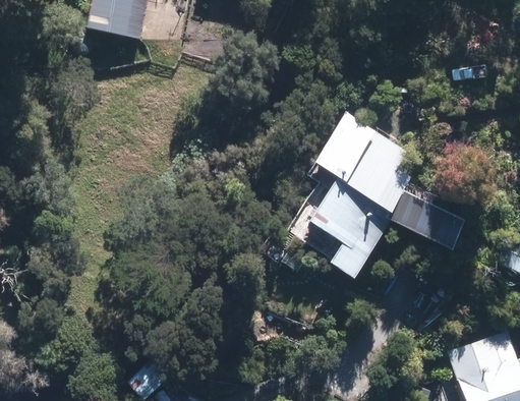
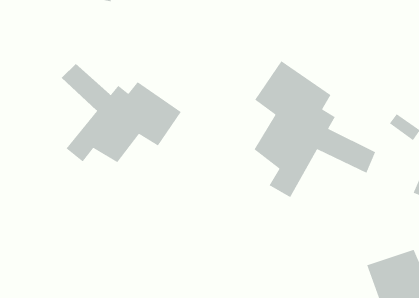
building: none -> [61,63,182,163]

